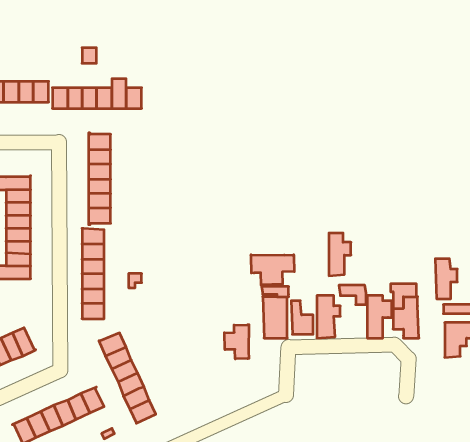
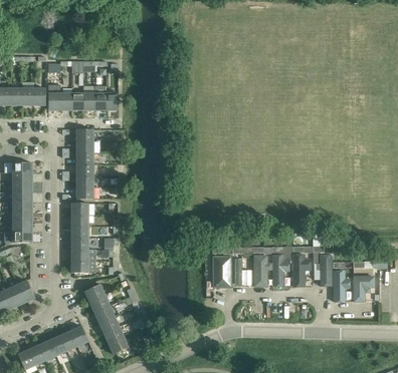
building: [329,233,351,276] -> [273,255,290,288]
building: [251,255,294,285] -> none
building: [435,259,457,299] -> [334,271,351,302]
building: [224,325,249,359] -> none

